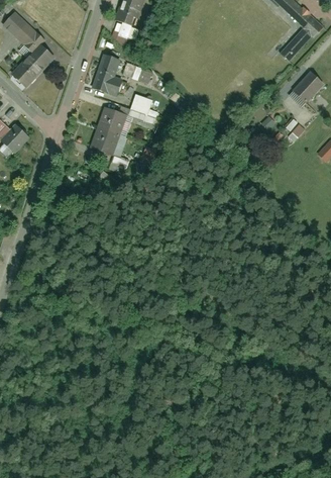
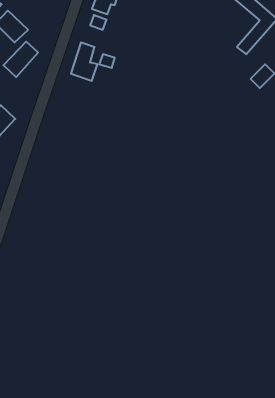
building: [88,92,149,155] -> none

